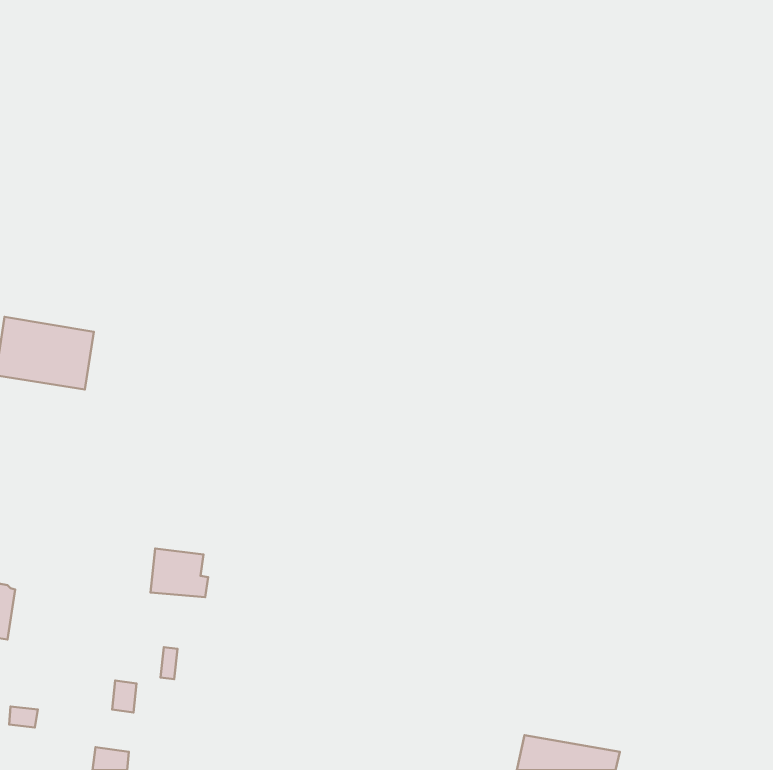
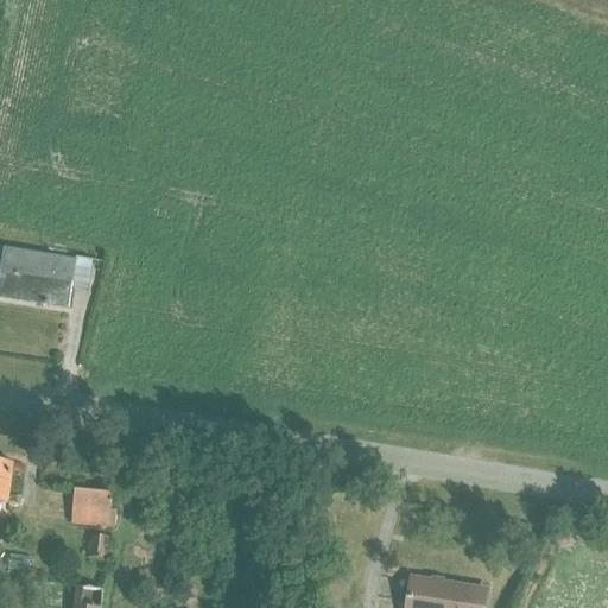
building: [151,549,208,597] -> [70,488,115,526]

